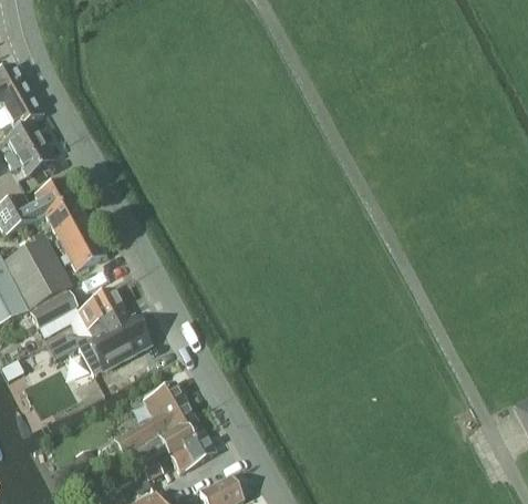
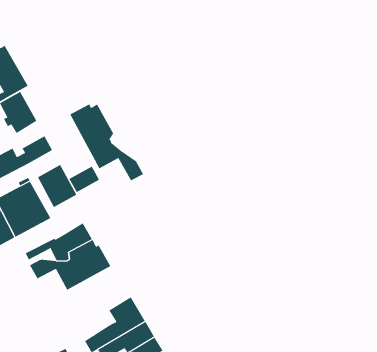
building: none -> [69,103,144,181]
building: [44,196,84,230] -> [69,166,100,193]
building: [30,290,77,328] -> none

